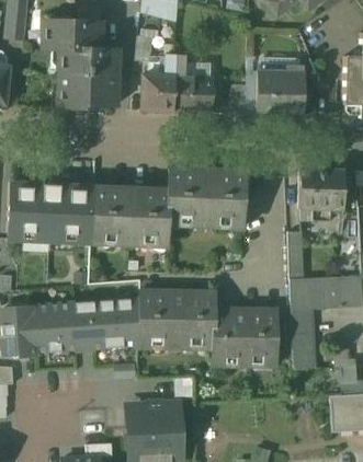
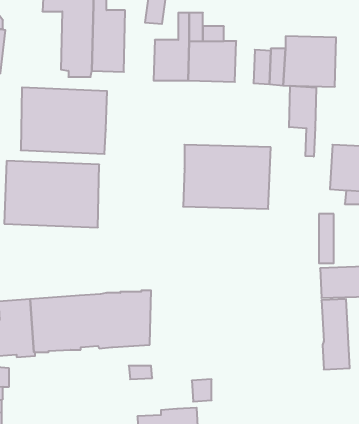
building: none -> [289,86,316,157]
building: [92,186,169,245] -> [21,87,107,154]
building: [138,291,279,366] -> none

